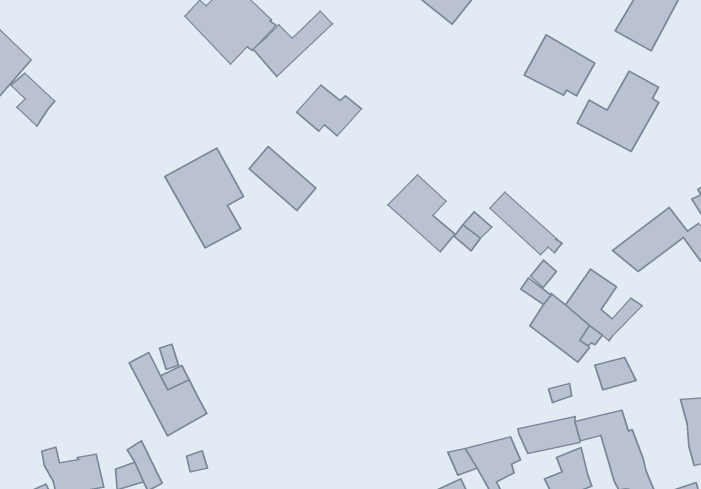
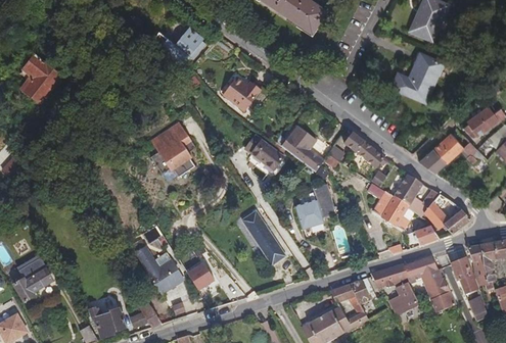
building: [253,11,332,76] -> none
building: [524,35,595,96] -> none
building: [11,73,55,126] -> none
building: [249,147,316,210] -> [244,134,285,170]
building: none -> [294,183,336,230]
building: none -> [423,193,471,235]
building: none -> [242,210,286,264]
building: none -> [188,259,221,290]
building: none -> [451,248,477,294]

